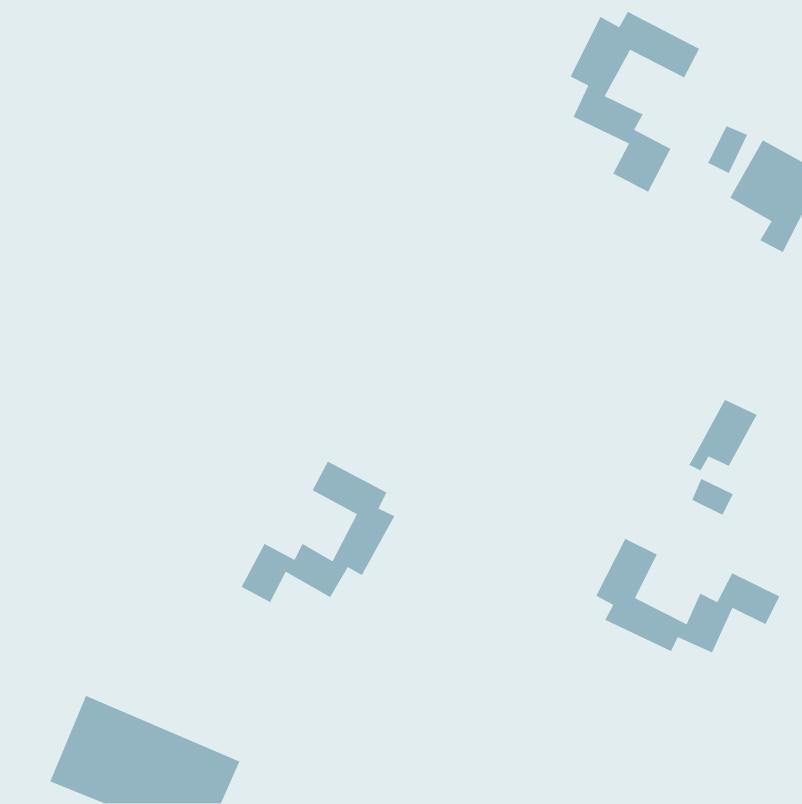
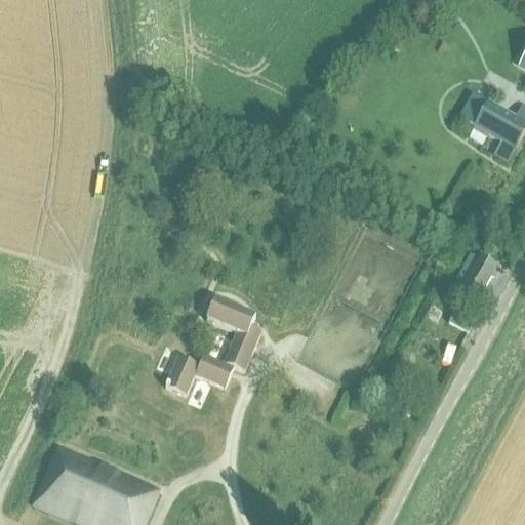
building: [569,11,700,193] -> none
building: [595,538,781,654] -> none

